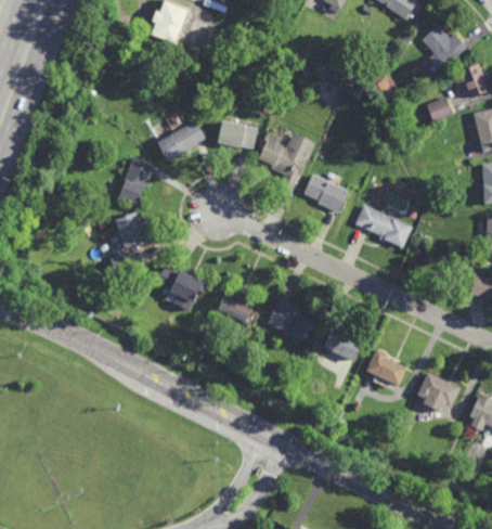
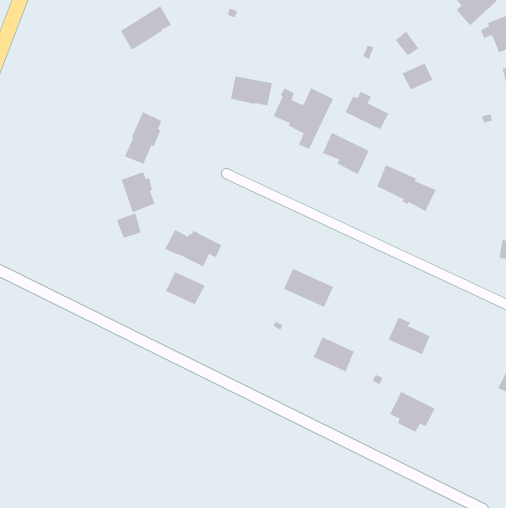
building: [427,96,456,122] -> [402,63,433,90]
building: [158,119,207,162] -> [120,5,172,50]
building: none -> [345,91,389,130]
building: [217,292,255,323] -> [165,272,206,305]
building: [323,327,362,361] -> [313,337,354,372]
building: [416,372,459,411] -> [389,391,435,433]

